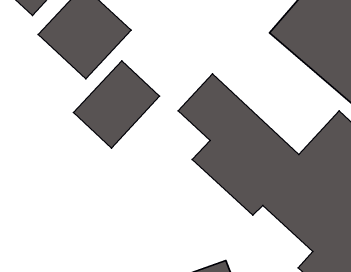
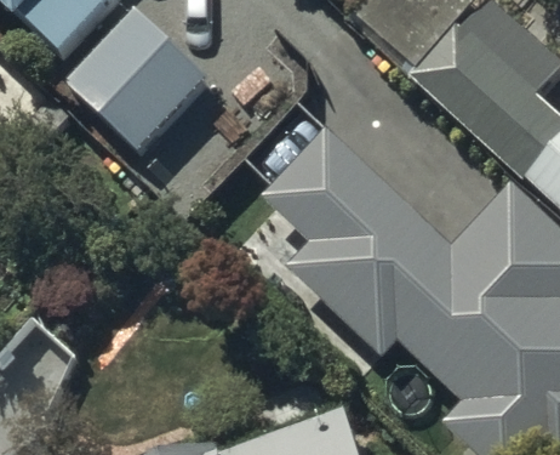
building: [73,61,160,148] -> none

